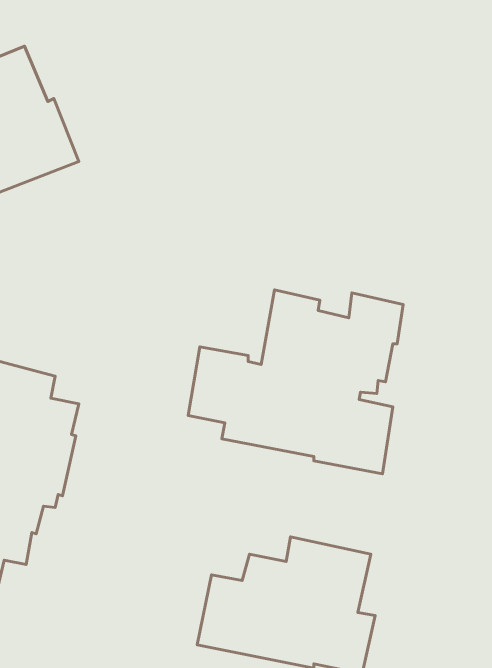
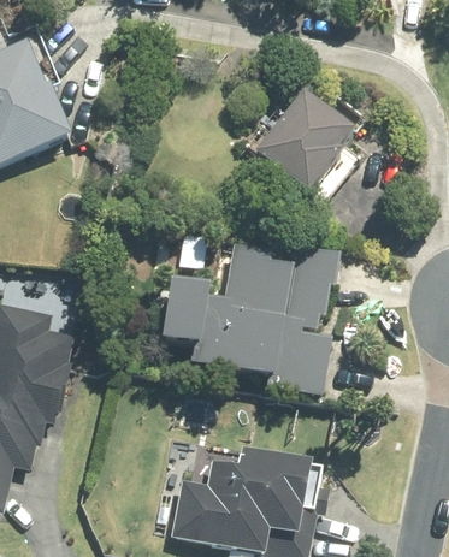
building: none -> [255,94,356,197]

